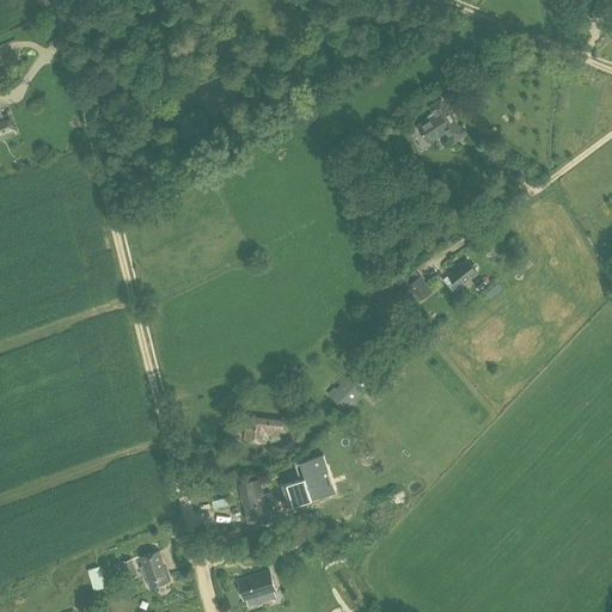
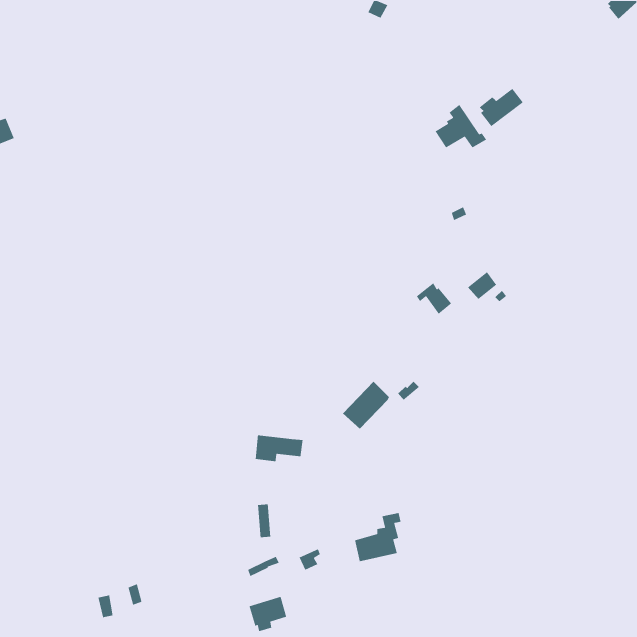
building: none -> [479,88,524,127]
building: [280,457,325,504] -> [354,512,402,562]
building: [140,551,167,588] -> none

